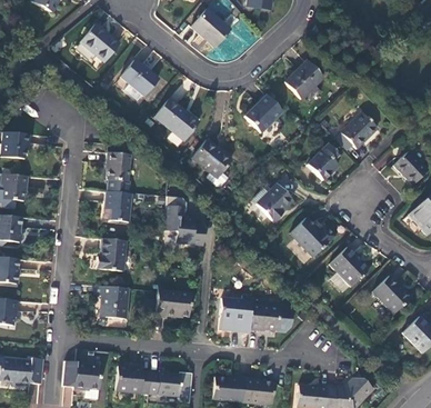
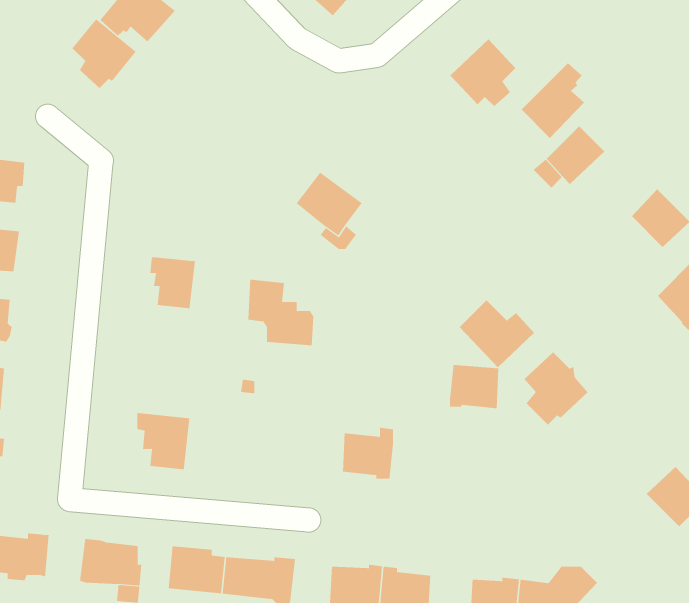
building: [120,58,159,100] -> [72,18,136,89]
building: none -> [521,62,585,139]
building: [244,93,283,132] -> none
building: [154,97,199,140] -> none
building: [307,142,339,179] -> none
building: [106,151,130,192] -> none
building: [252,182,292,220] -> none
building: [97,237,126,270] -> none
building: [372,276,410,312] -> none
building: [156,288,191,316] -> none
building: [249,302,279,329] -> [449,364,499,409]

